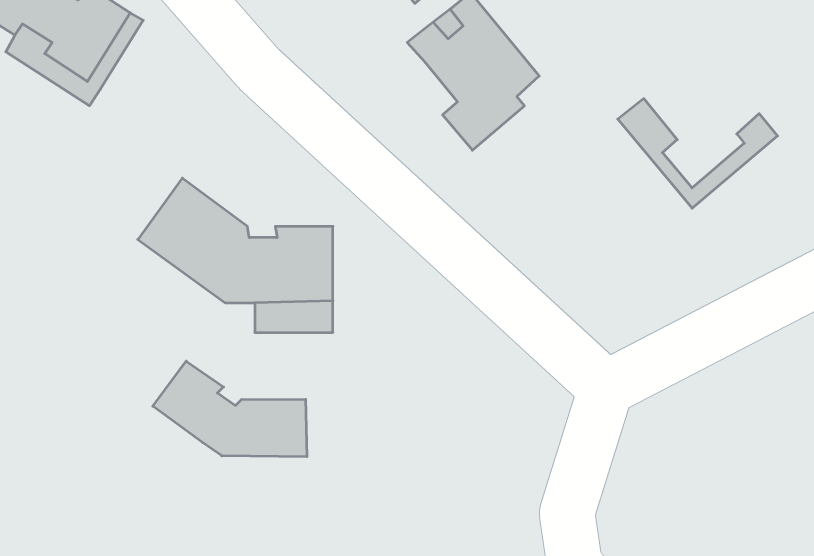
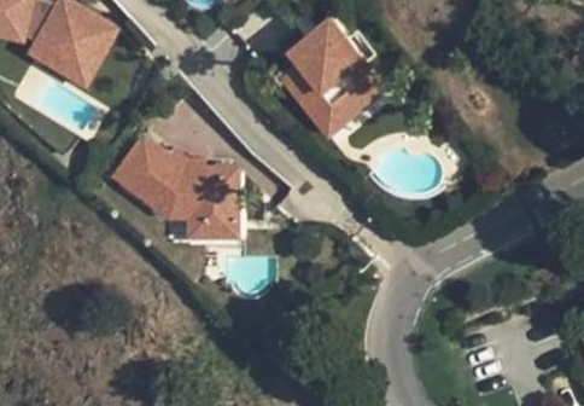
building: [618,99,778,208] -> [282,60,386,132]
building: [153,361,307,457] -> none

